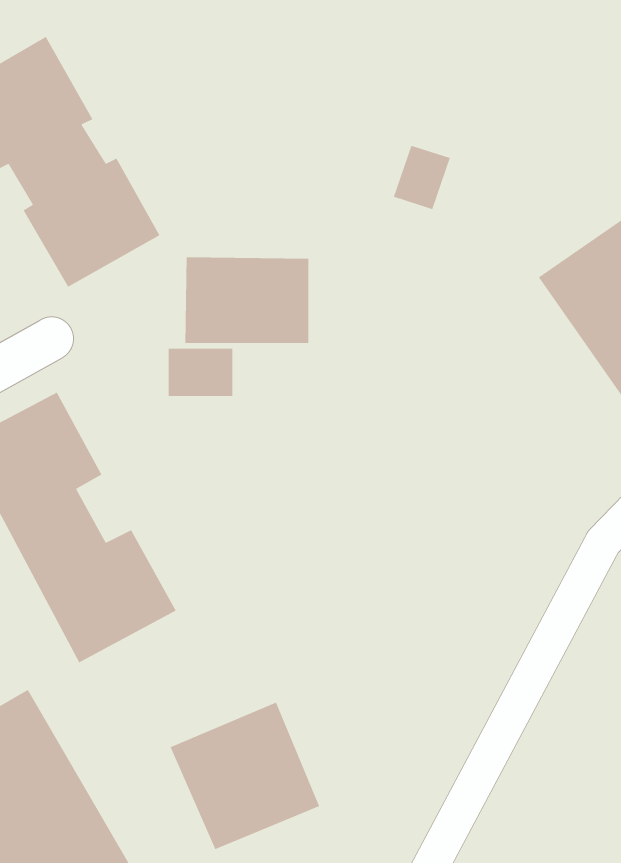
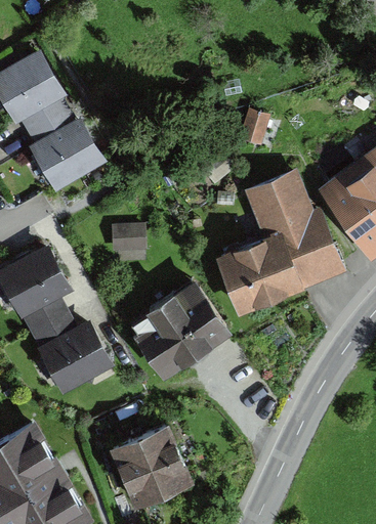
building: none -> [219,167,344,313]
building: [185,257,309,344] -> none
building: none -> [127,281,235,384]

